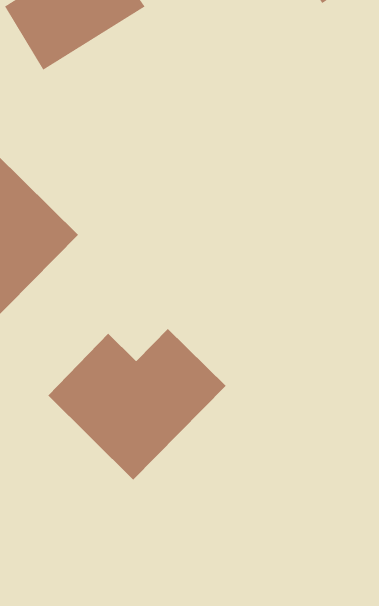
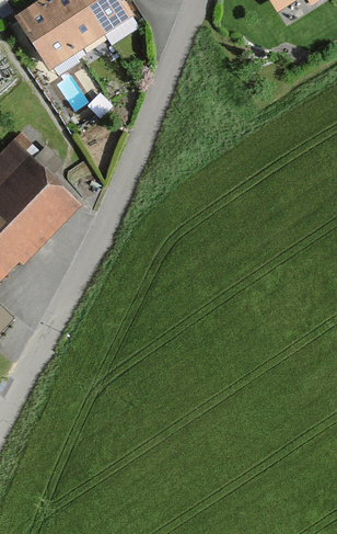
building: [47,328,227,480] -> none

